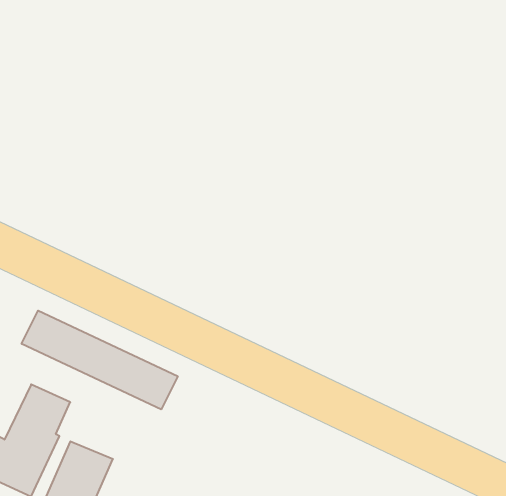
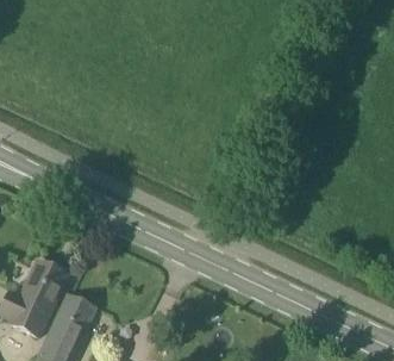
building: [22,311,178,409] -> none

